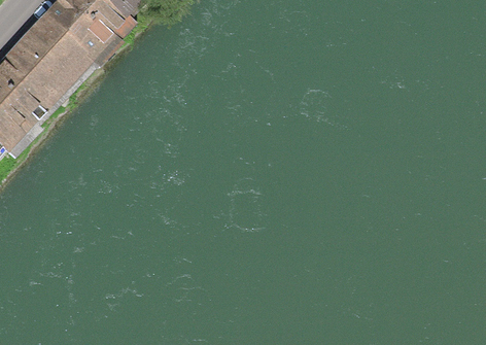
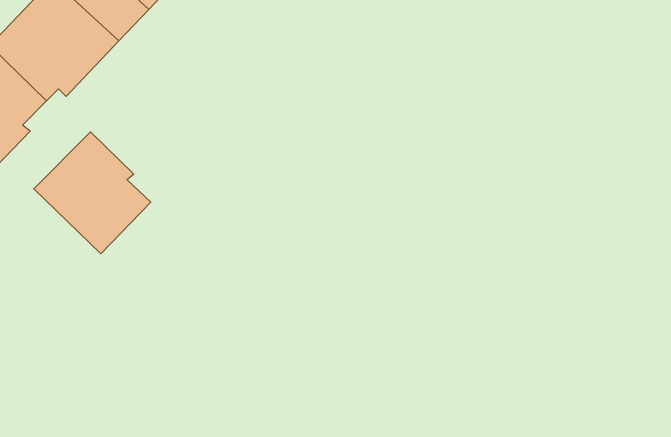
building: none -> [34,132,151,254]

